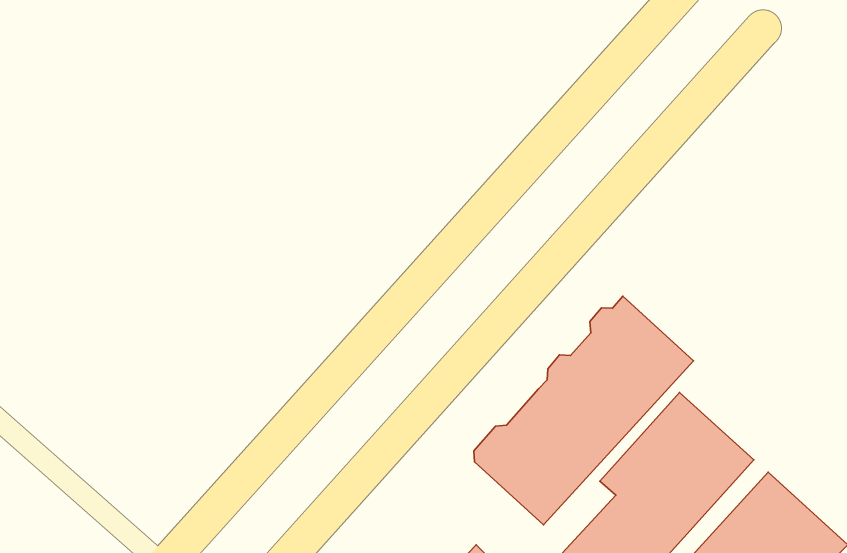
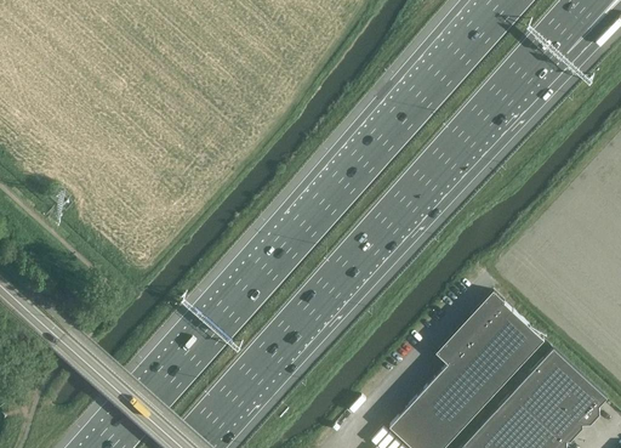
building: [474,296,693,525] -> none

